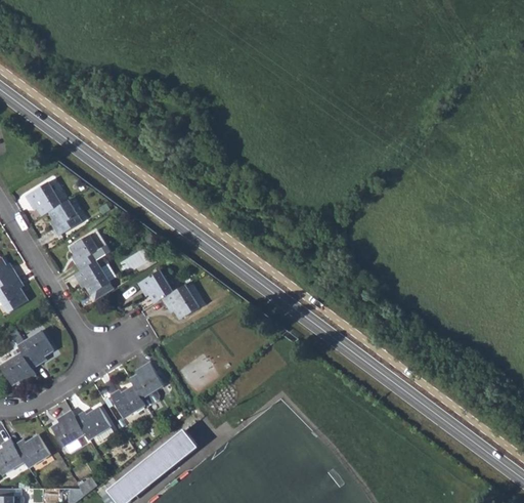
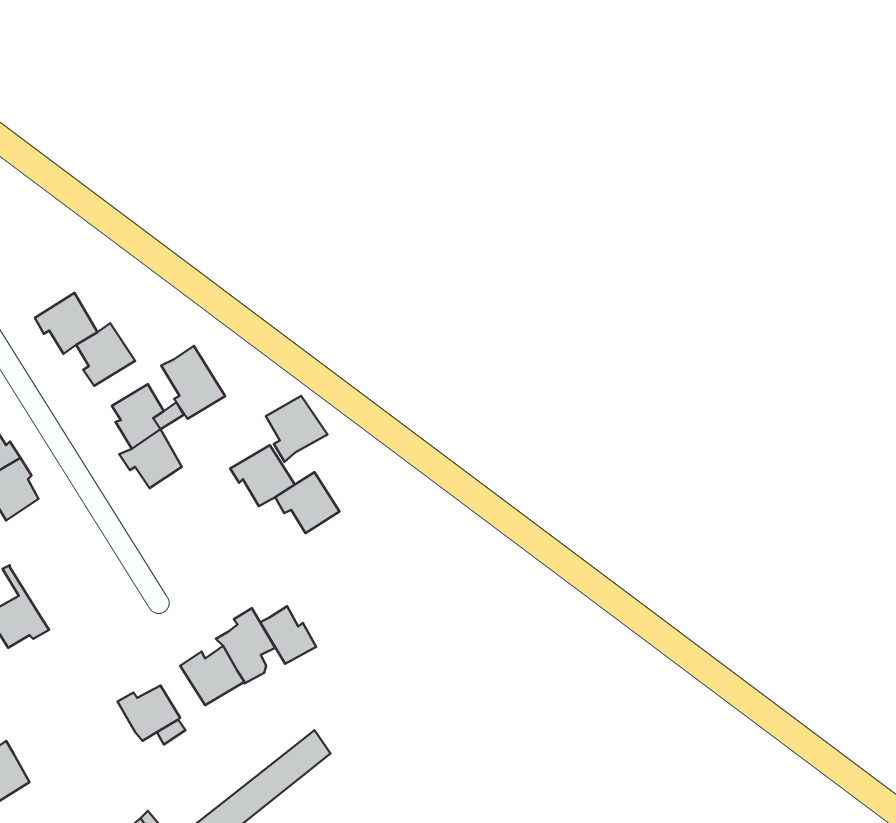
building: none -> [161,346,225,419]
building: none -> [266,396,327,462]
building: [12,331,49,368] -> none
building: none -> [260,606,316,664]
building: [51,410,84,445] -> none
building: [14,434,49,468] -> none

